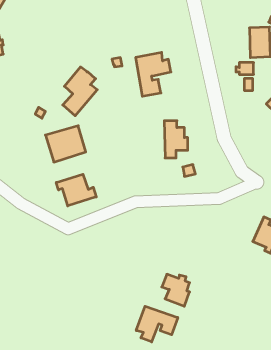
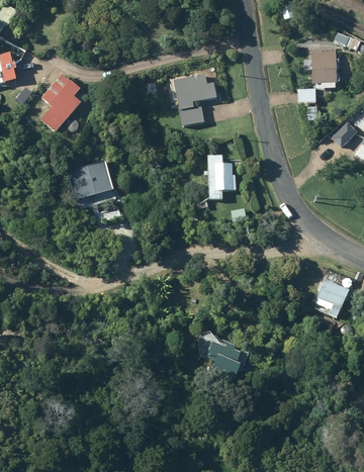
building: [63,67,97,116] -> [39,72,81,130]
building: [56,174,96,206] -> none
building: [136,306,178,342] -> none

